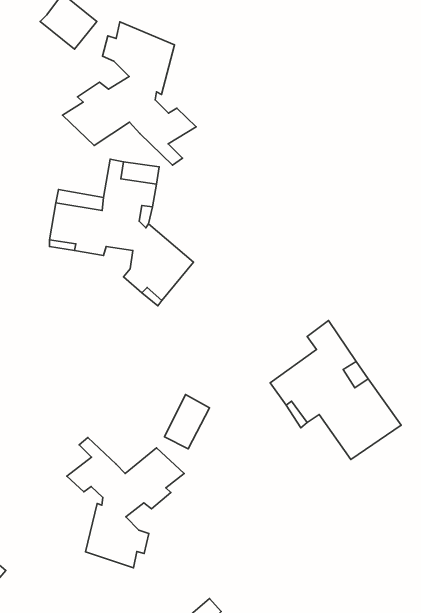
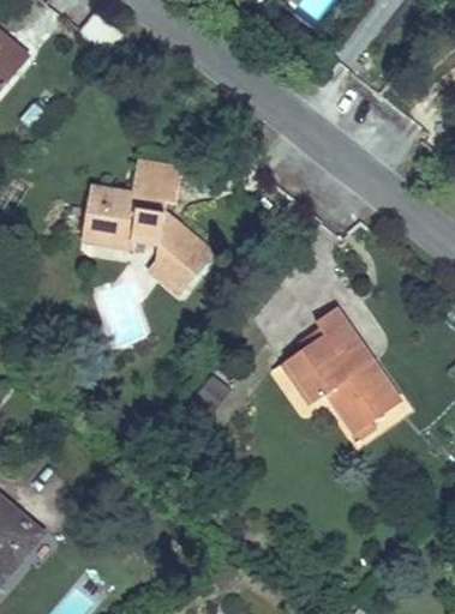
building: [63,22,196,165] -> none
building: [67,437,184,568] -> none

